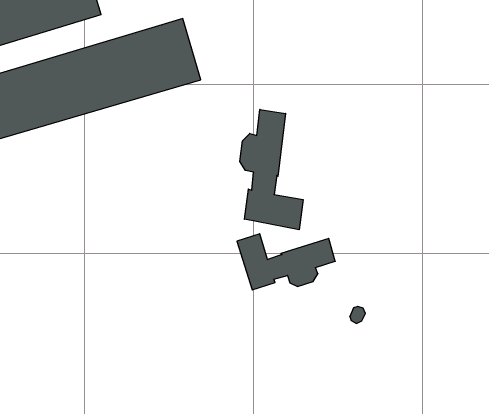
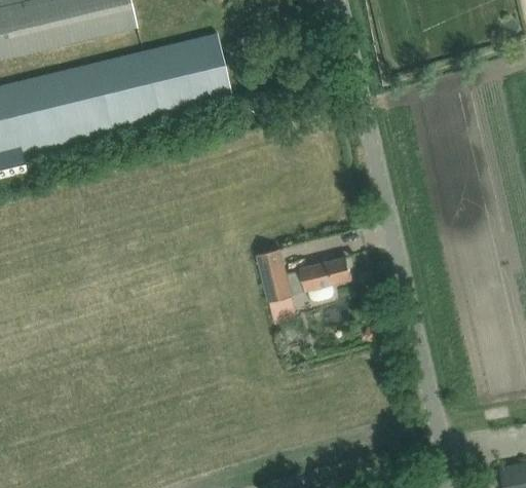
building: [240,109,303,230] -> none

